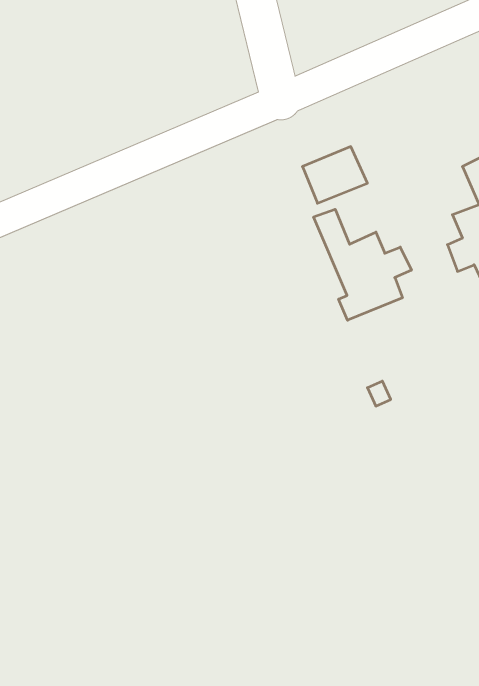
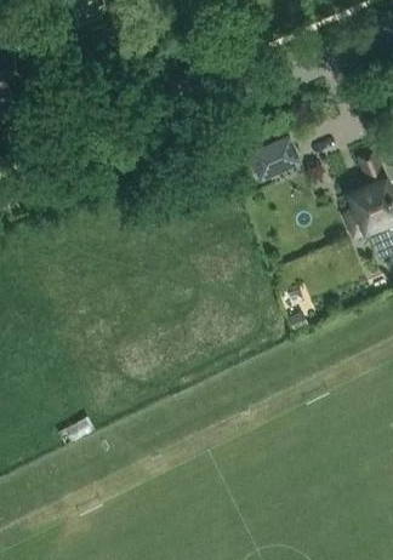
building: [314,209,411,320] -> none

